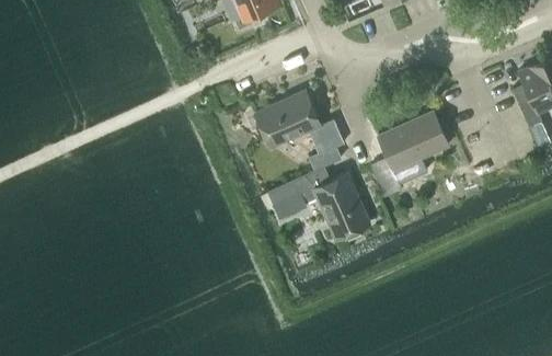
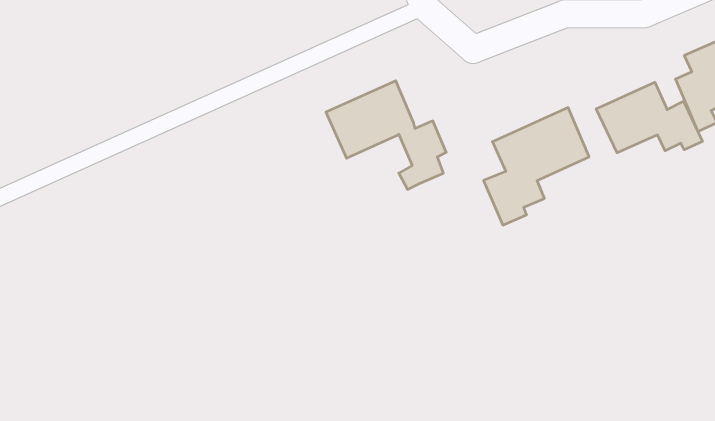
building: none -> [596,82,702,153]
building: [269,168,370,241] -> none

